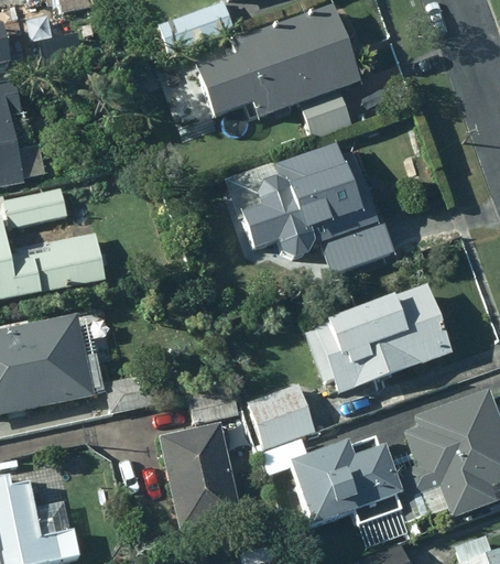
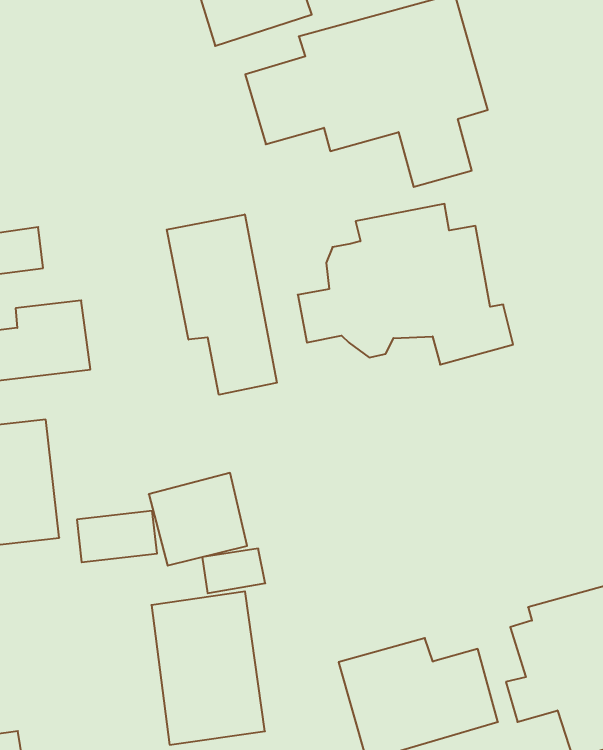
building: none -> [167,214,277,395]
building: [306,286,448,389] -> none
building: [246,382,315,448] -> [149,473,247,566]

